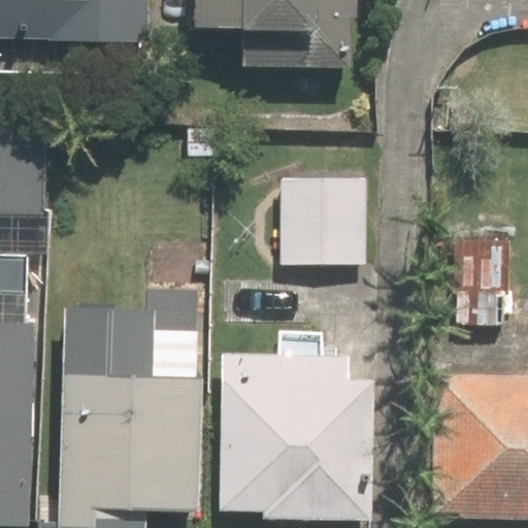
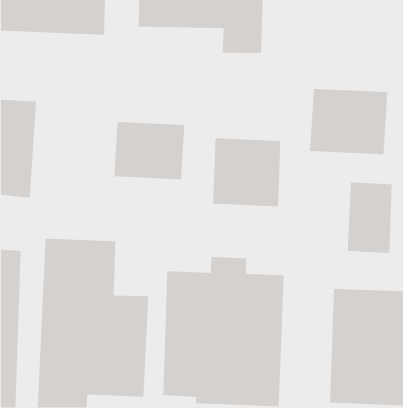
building: none -> [309,88,388,155]
building: none -> [113,121,185,180]

